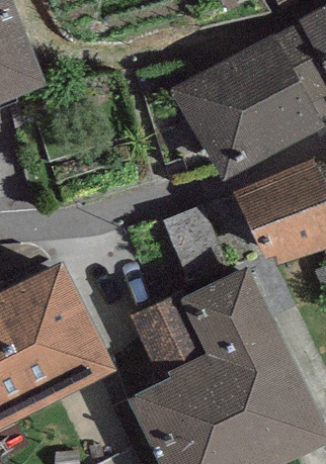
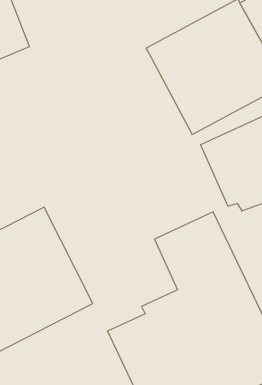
building: [128,292,207,384] -> none

